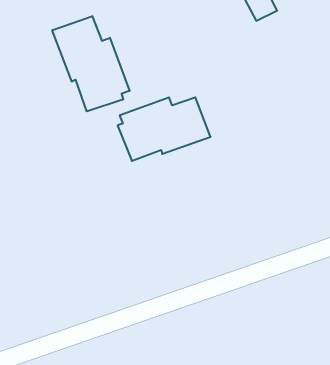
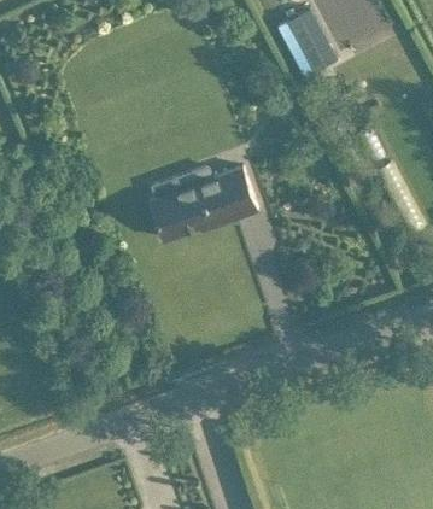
building: [52,16,130,111] -> none

